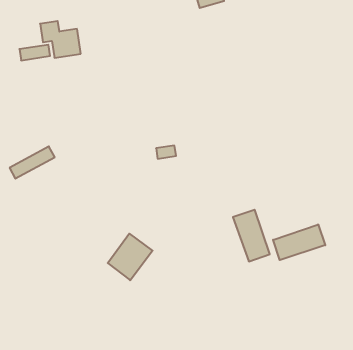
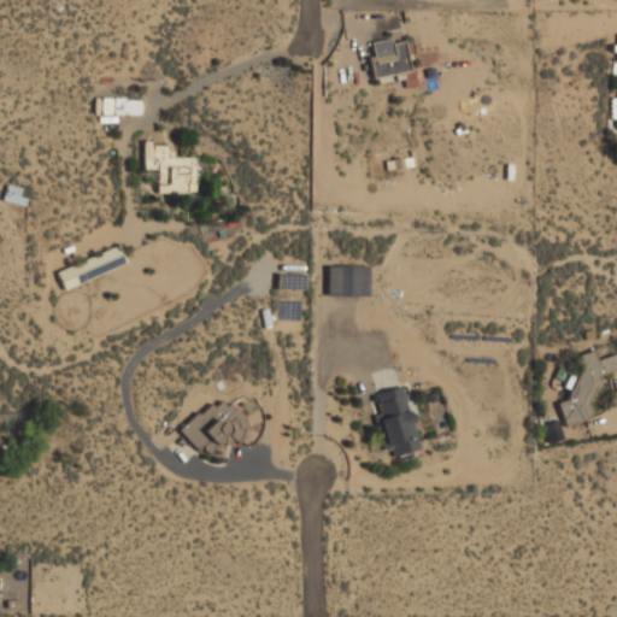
building: [40,21,81,58] -> [146,141,199,194]
building: none -> [328,265,370,296]
building: [273,224,325,260] -> none

